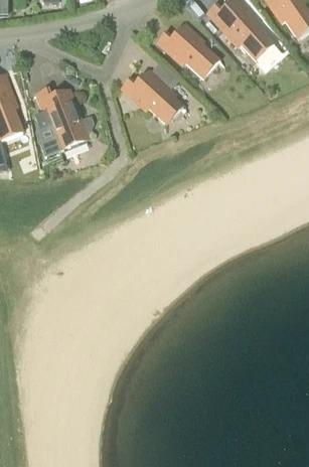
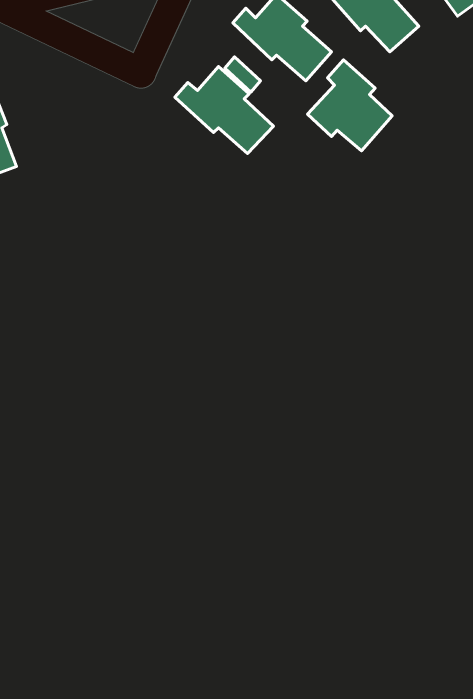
building: none -> [307,60,392,151]
building: [33,88,89,154] -> none

